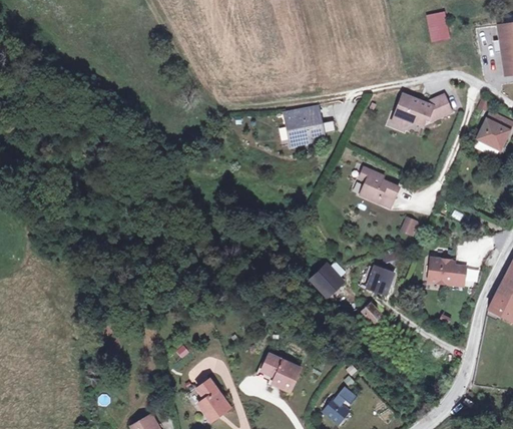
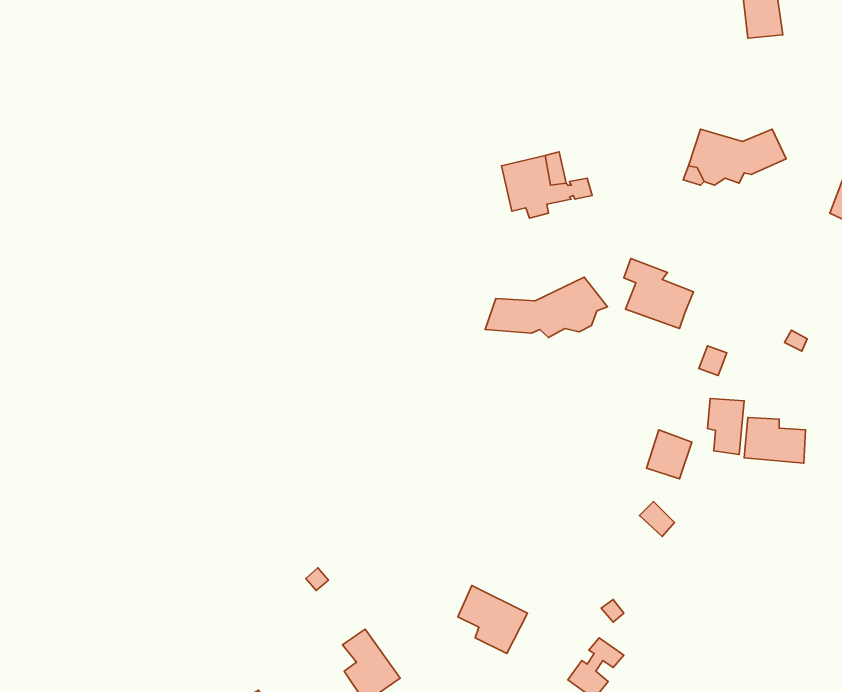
building: none -> [485,277,607,337]
building: none -> [707,398,744,454]
building: [315,265,341,292] -> none

